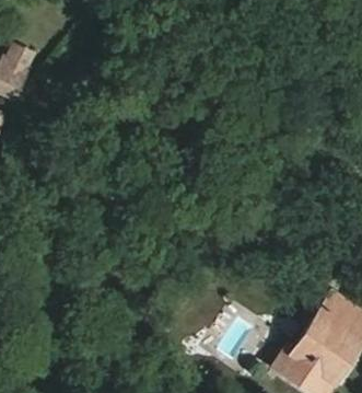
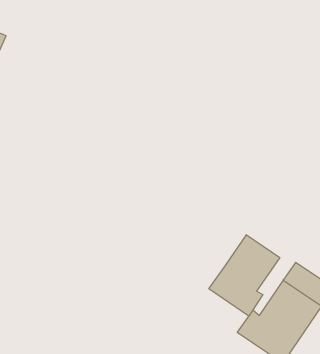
building: none -> [209,235,280,316]

